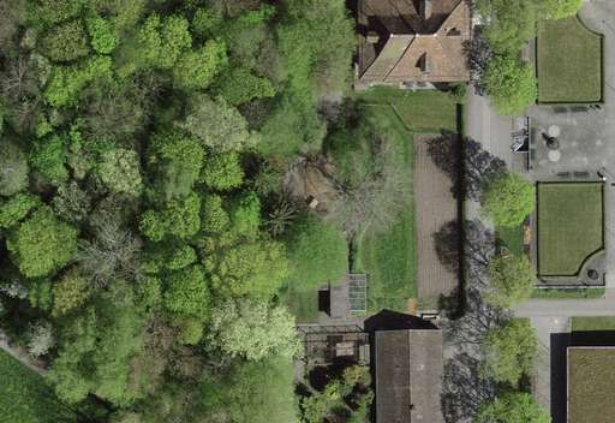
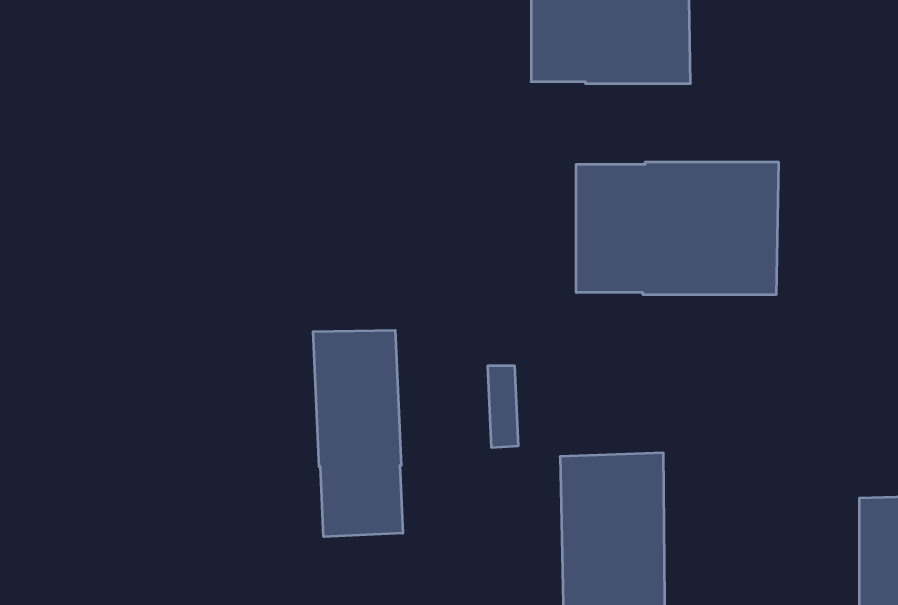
building: none -> [576,162,778,295]
building: none -> [313,330,403,537]

